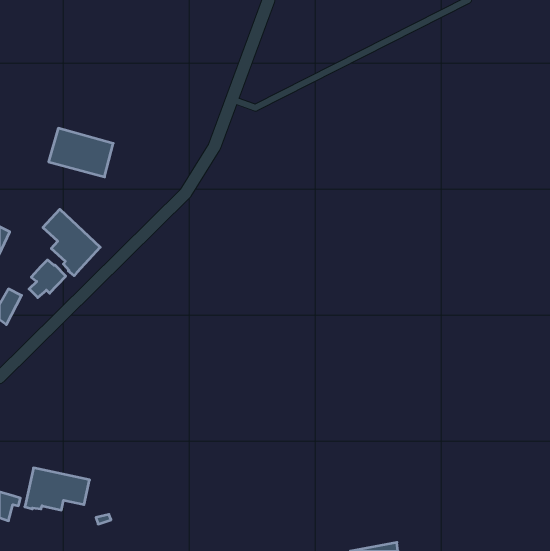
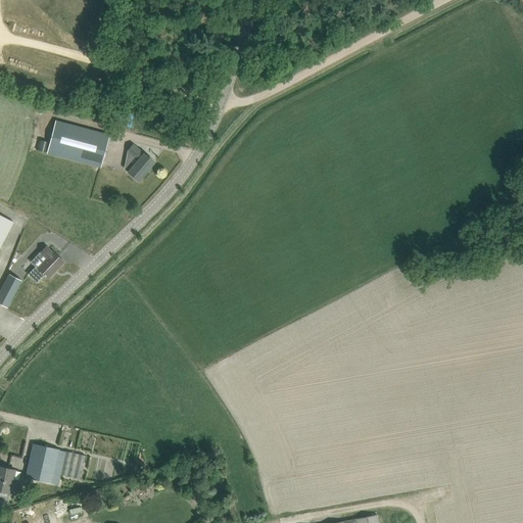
building: none -> [127,144,153,181]
building: [43,209,100,276] -> none

